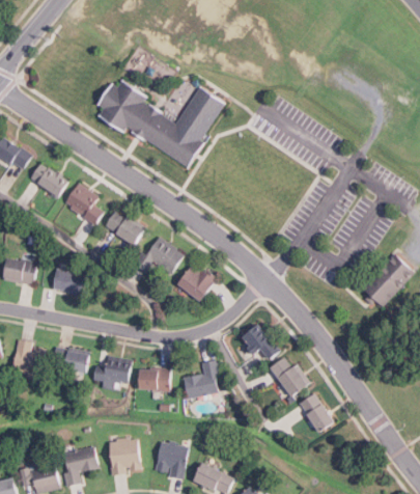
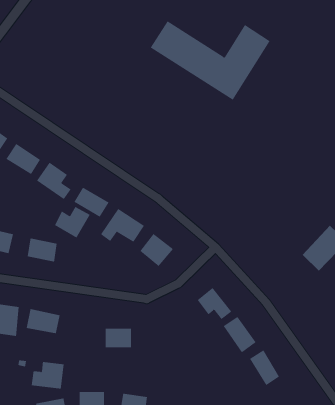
building: [93,81,228,170] -> [150,21,270,101]
building: none -> [54,206,91,239]
building: [93,356,131,387] -> [31,361,64,389]
building: [183,360,220,399] -> none

